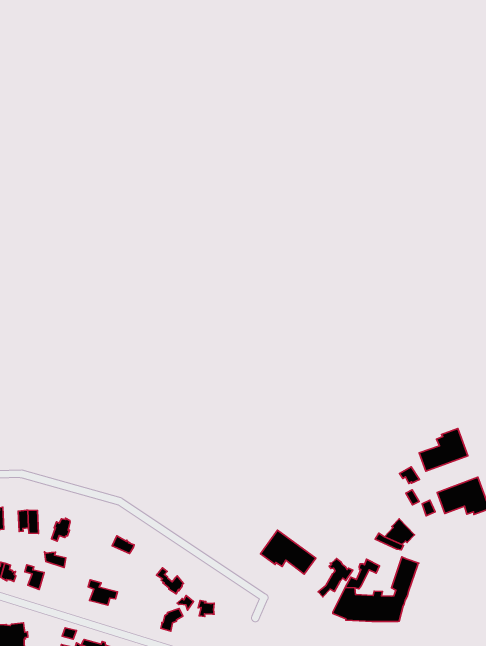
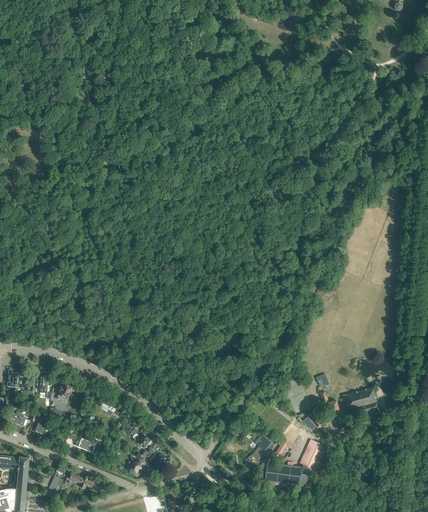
building: [419,429,468,471] -> none
building: [260,530,316,574] -> none

